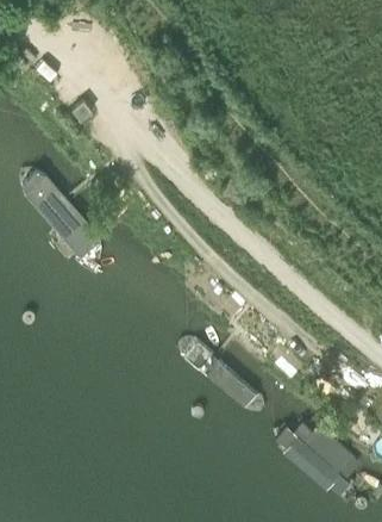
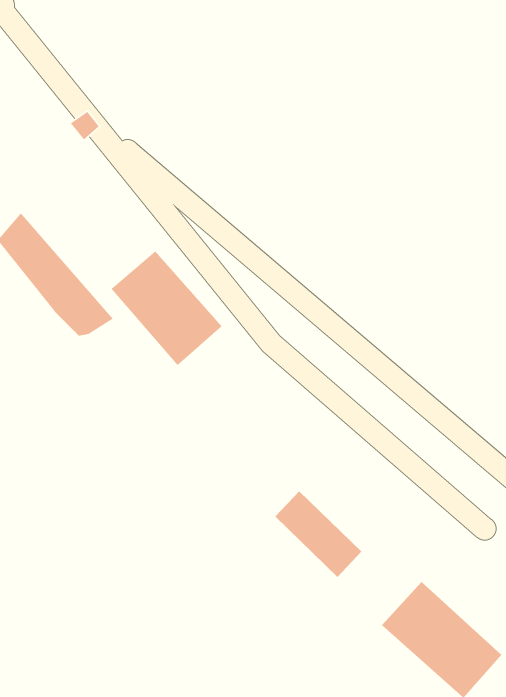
building: none -> [110,251,222,366]

